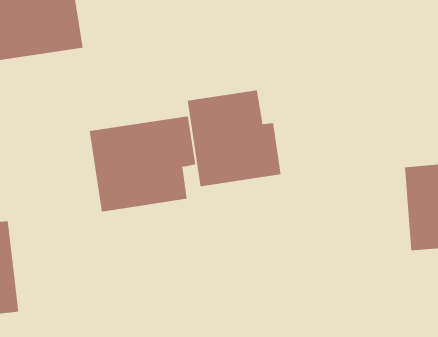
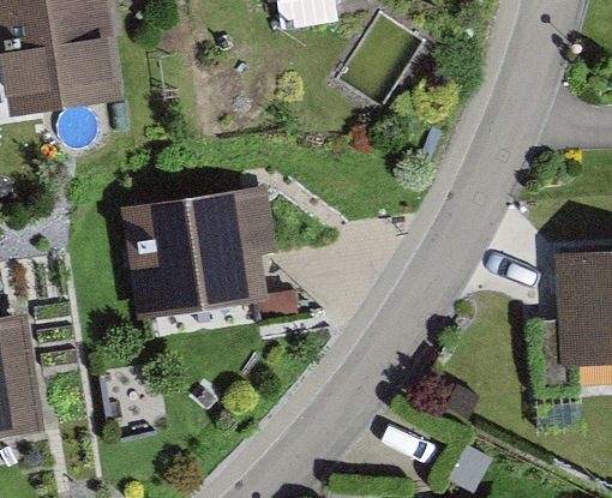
building: [187,90,281,187] -> none

